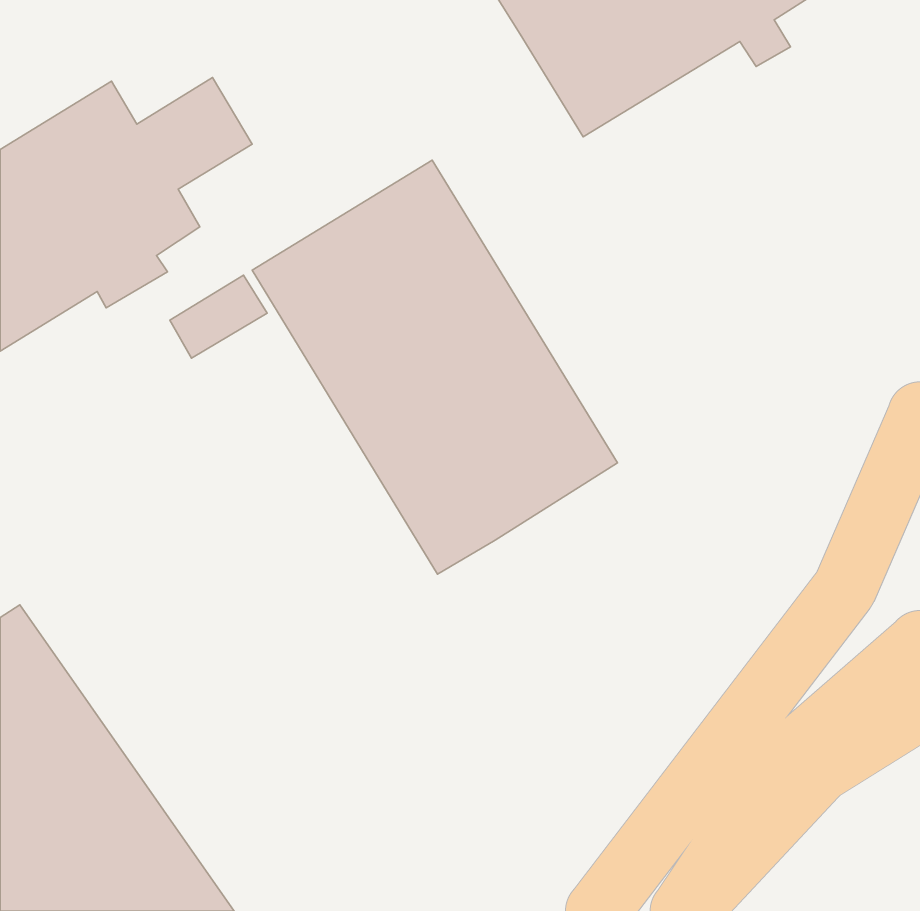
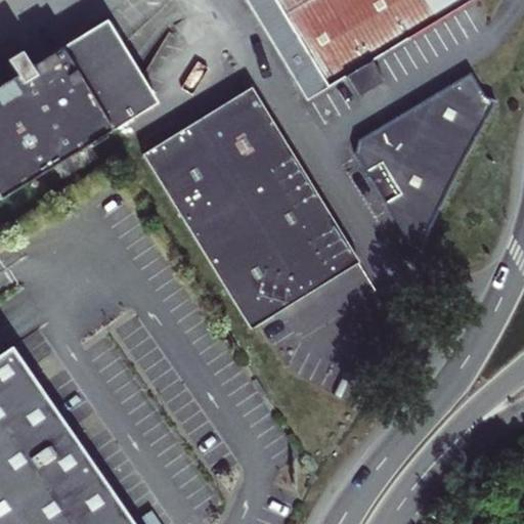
building: none -> [63,20,121,71]
building: none -> [358,68,490,261]
building: [170,275,267,358] -> [101,82,157,129]

